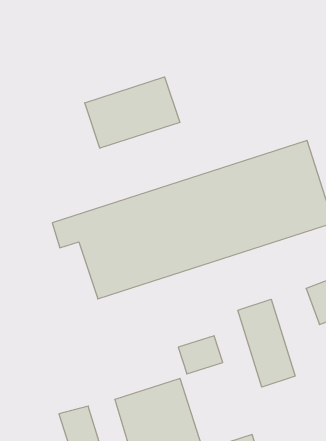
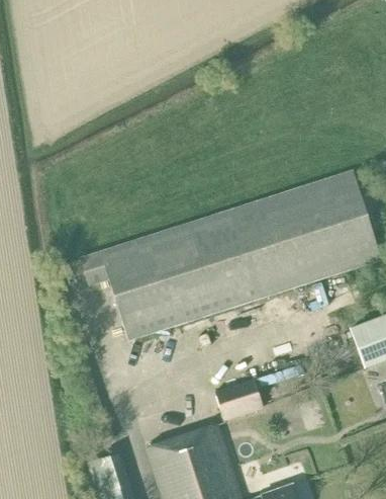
building: [85,77,180,148] -> none
building: [238,299,295,387] -> none

